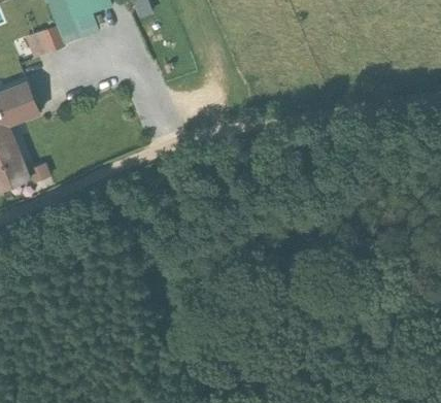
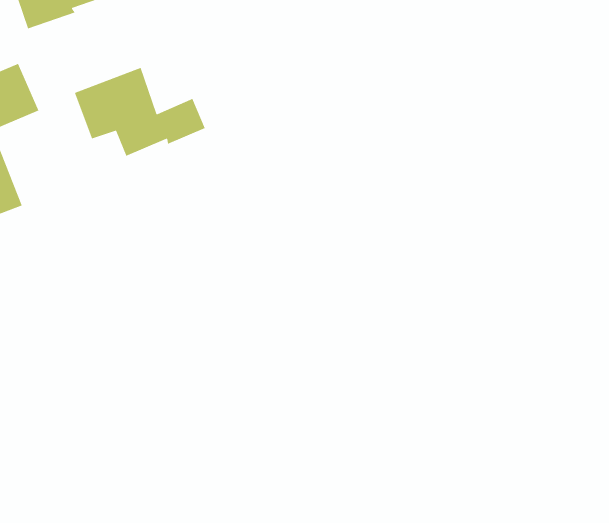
building: none -> [74,67,206,157]

